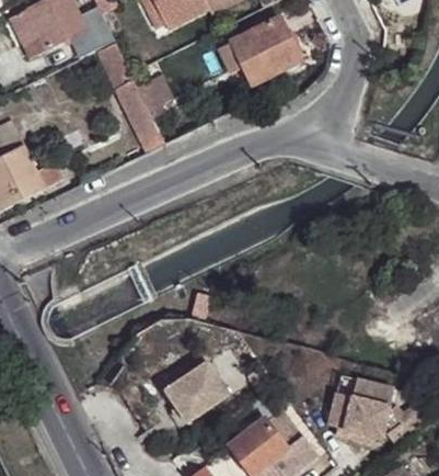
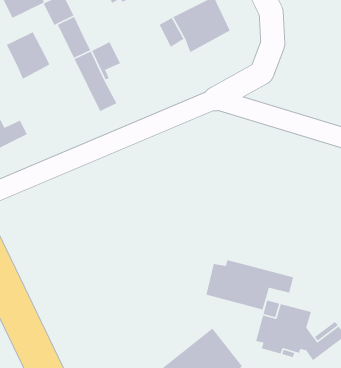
building: none -> [6,31,50,80]
building: none -> [205,259,294,310]
building: [157,362,220,423] -> none

